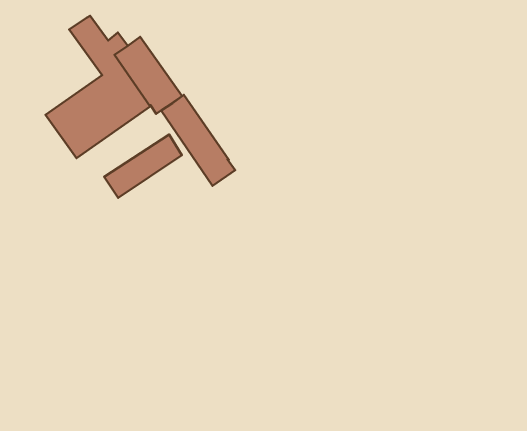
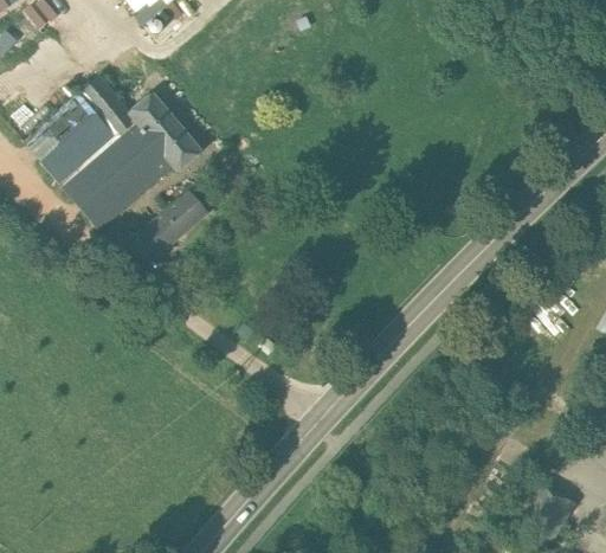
building: none -> [24,94,118,185]
building: [161,95,235,186] -> none

